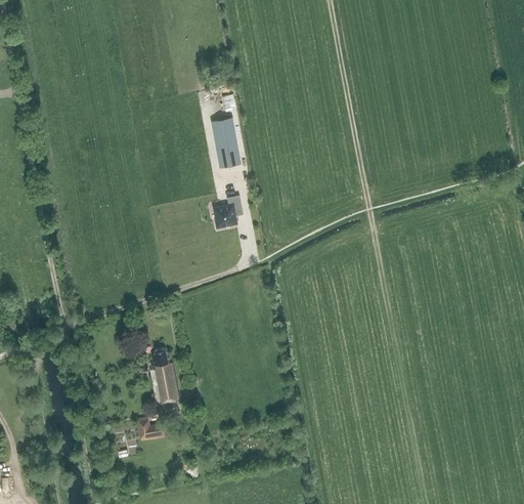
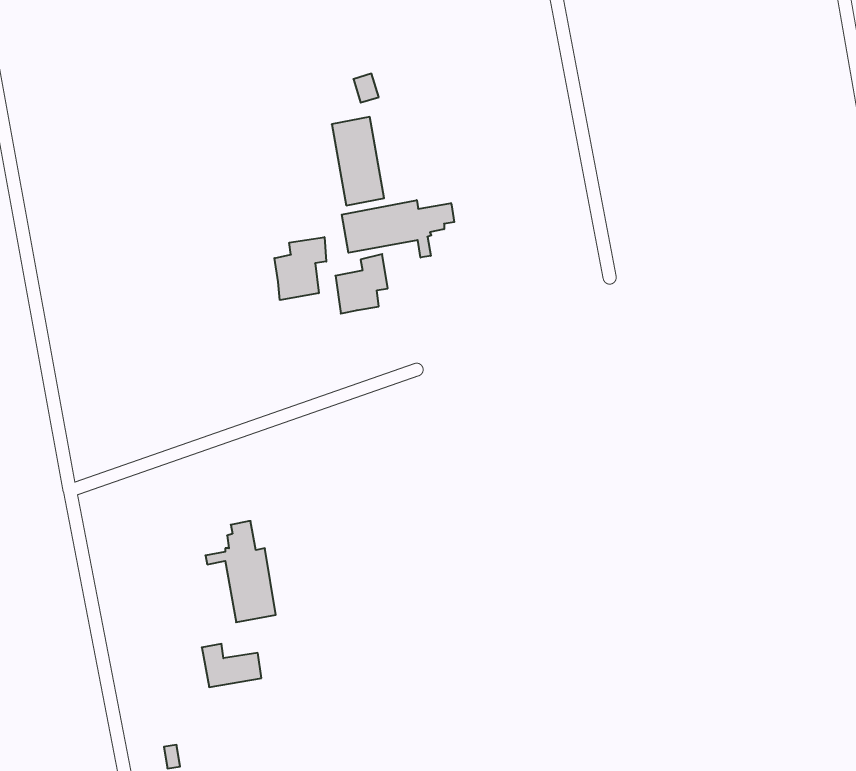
building: none -> [342,200,454,258]
building: none -> [274,237,326,300]

